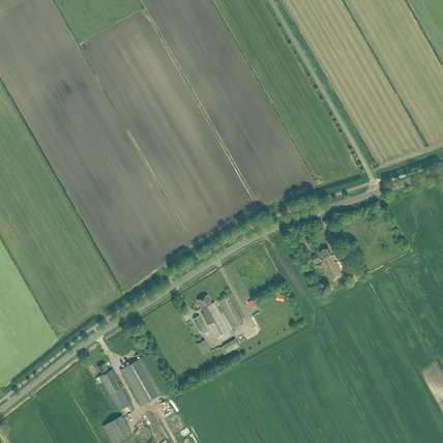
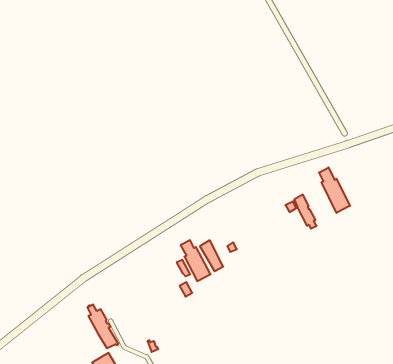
building: none -> [319,167,350,213]
building: [119,357,161,405] -> none

